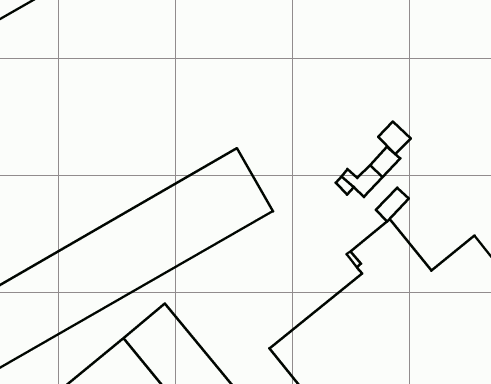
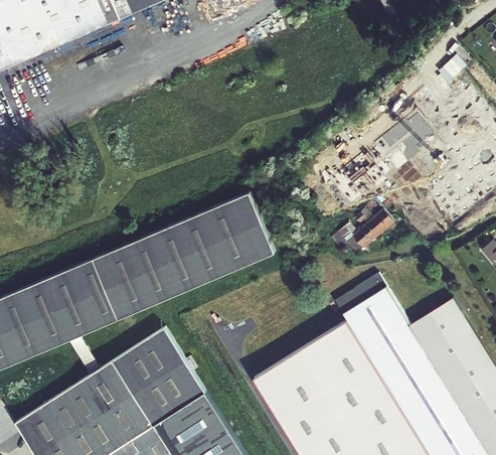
building: [378,122,411,154] -> none
building: [376,188,409,222] -> none

